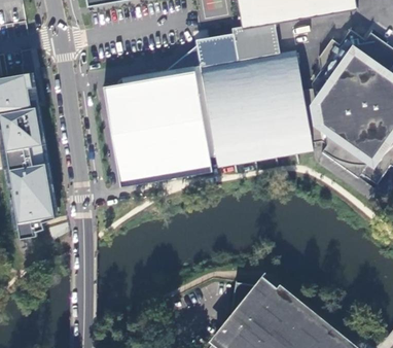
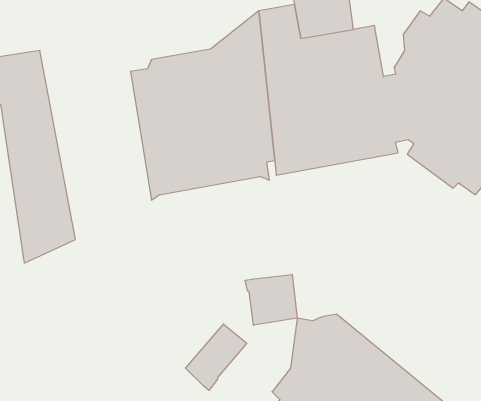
building: none -> [245,274,297,325]
building: none -> [185,324,247,390]

